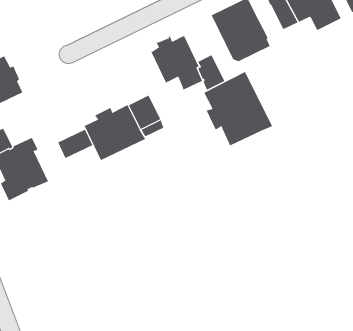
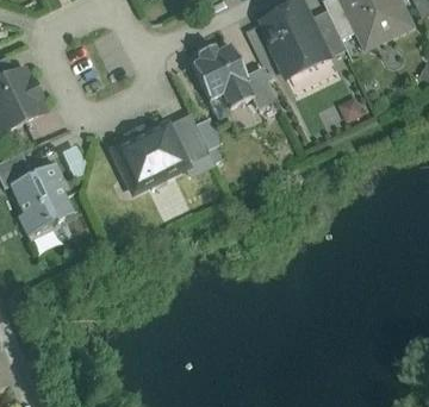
building: none -> [311,11,348,58]
building: [203,71,273,147] -> none
building: [57,129,93,159] -> none

